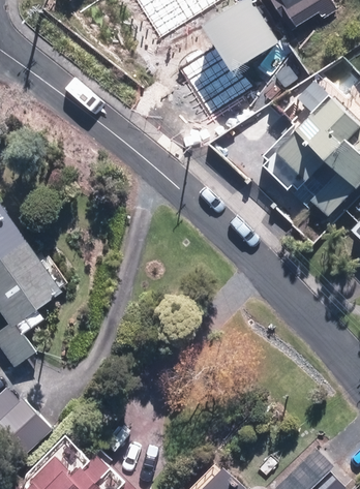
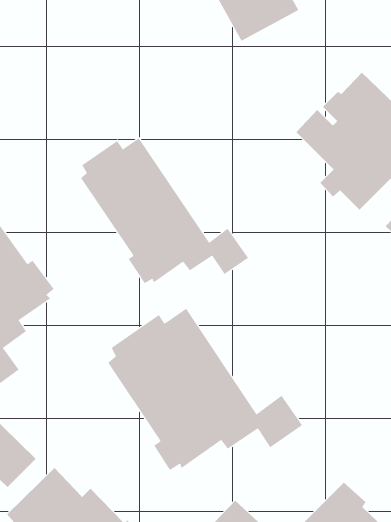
building: none -> [80,138,249,284]
building: none -> [107,308,303,471]

